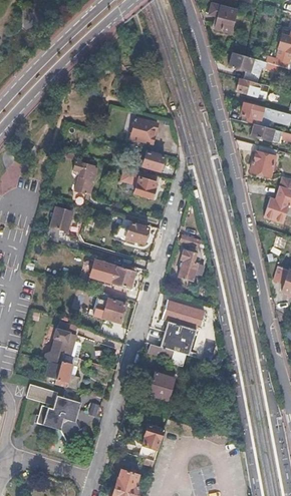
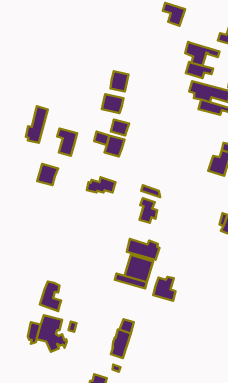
building: none -> [110,71,129,91]
building: none -> [26,106,48,143]
building: [251,146,277,176] -> none
building: [90,260,134,288] -> none
building: [94,291,125,322] -> none
building: [41,329,76,382] -> none
building: [148,371,176,401] -> [153,277,175,301]
building: [26,383,57,405] -> none

